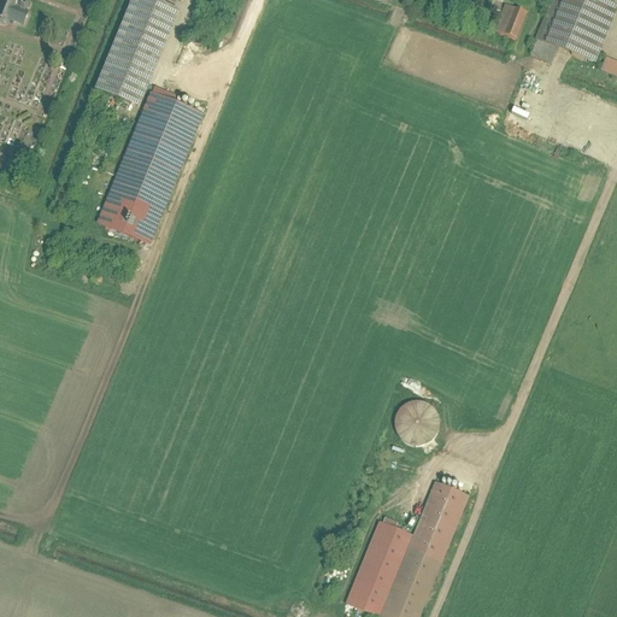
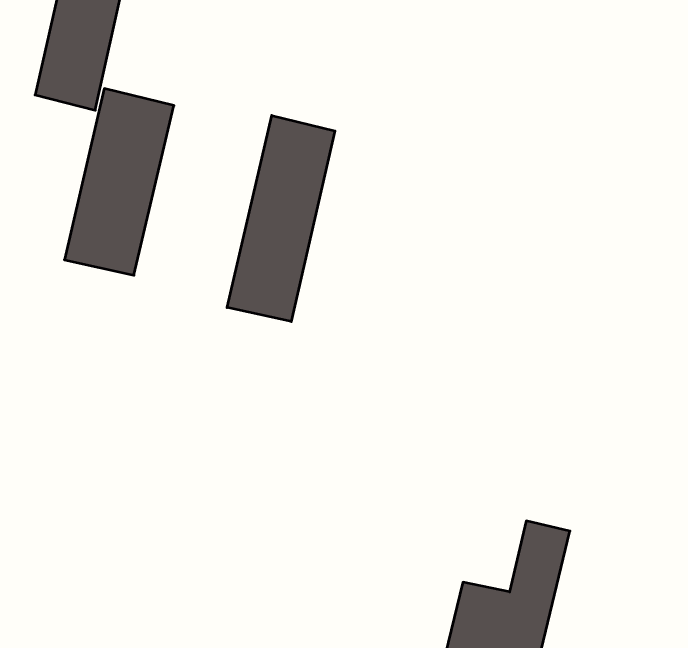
building: none -> [227,115,335,322]
building: [387,398,430,440] -> none

